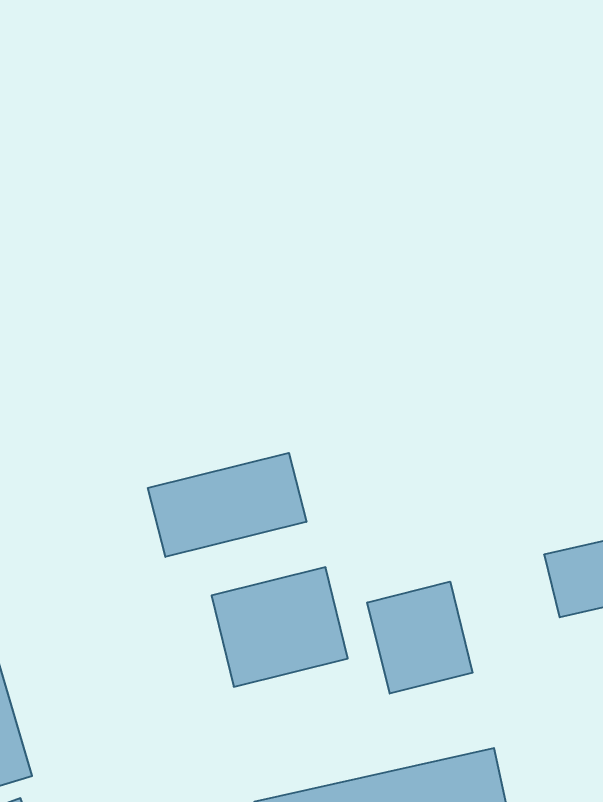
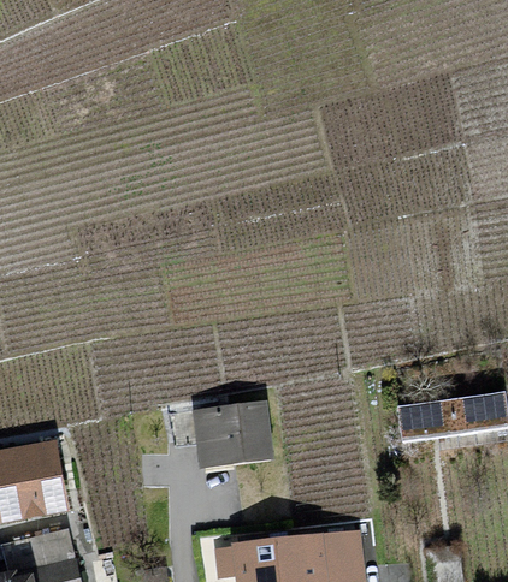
building: [148,453,306,557] -> none
building: [367,582,473,694] -> none

